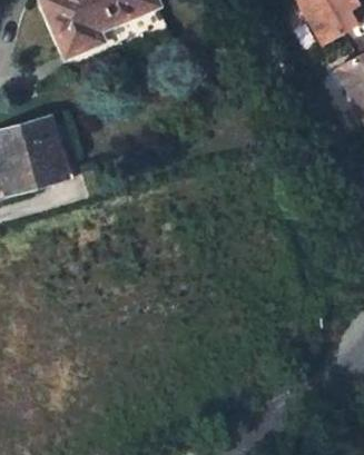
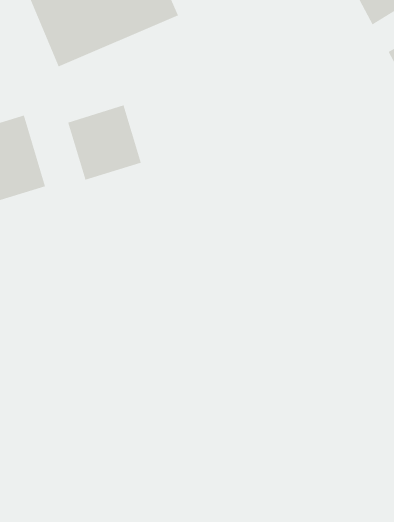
building: none -> [68,105,141,180]

